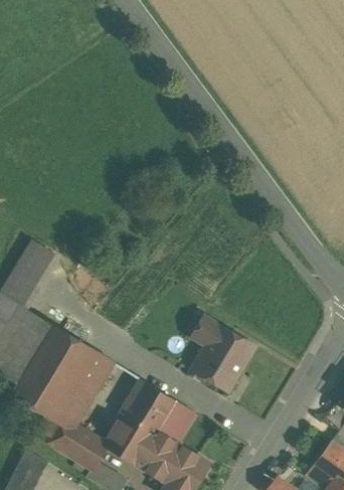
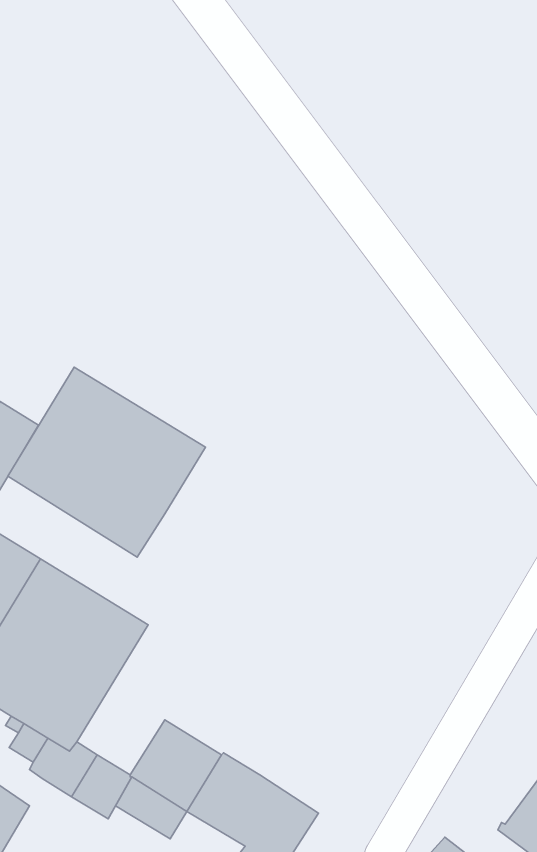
building: none -> [8,367,206,557]
building: [192,319,253,391] -> none
building: [123,380,196,445] -> none

